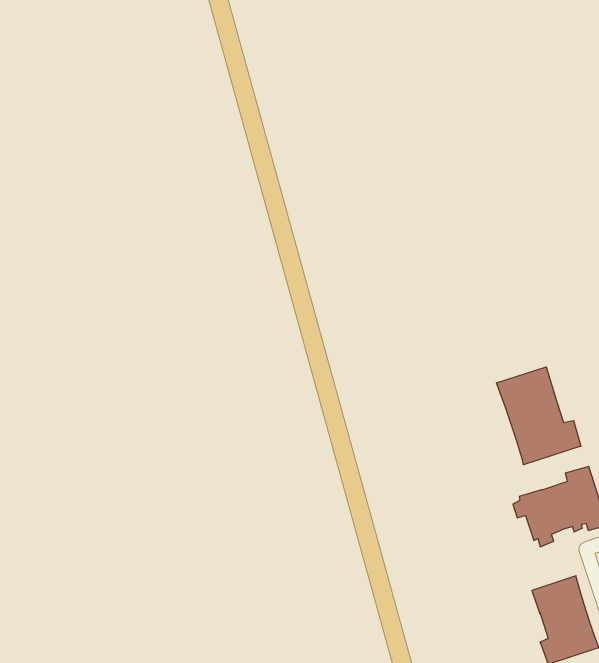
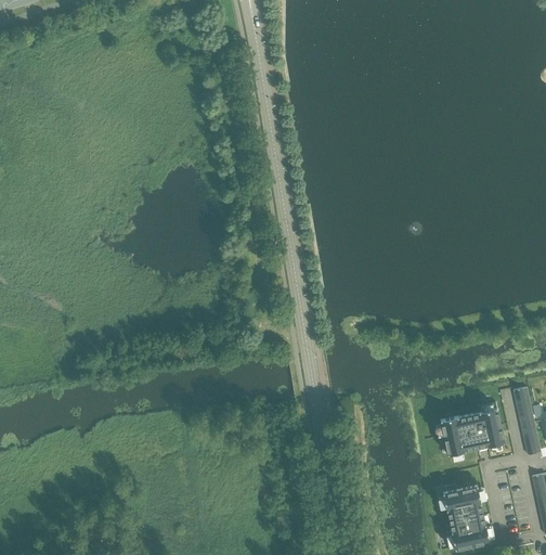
building: [497,367,581,465] -> none

